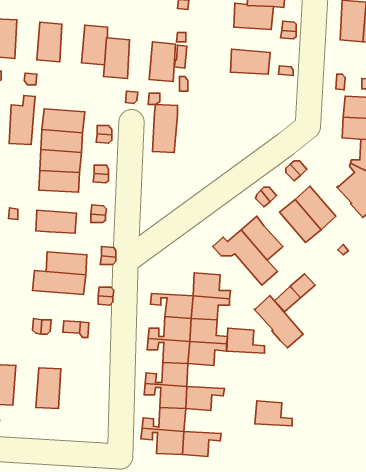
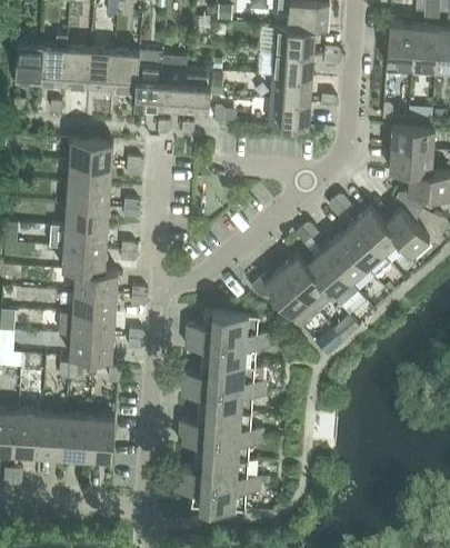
building: none -> [88,50,114,91]
building: none -> [271,53,313,80]
building: none -> [269,101,310,128]
building: [9,95,35,144] -> [40,36,68,88]
building: [152,105,177,153] -> [160,58,187,109]
building: none -> [354,208,399,255]
building: none -> [63,227,108,251]
building: none -> [74,271,118,296]
building: none -> [186,312,231,339]
building: none -> [70,335,113,360]
building: [254,295,303,348] -> [306,250,358,306]
building: [227,328,264,353] -> [223,411,263,438]
building: none -> [38,414,66,458]
building: none -> [87,417,114,461]
building: [255,401,292,426] -> [220,459,260,486]

